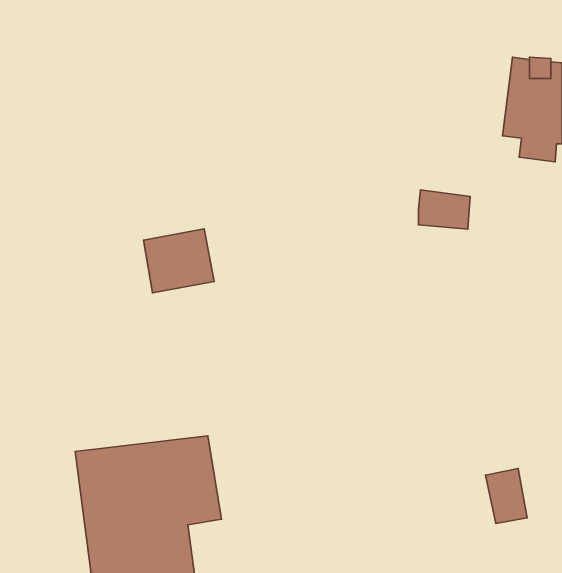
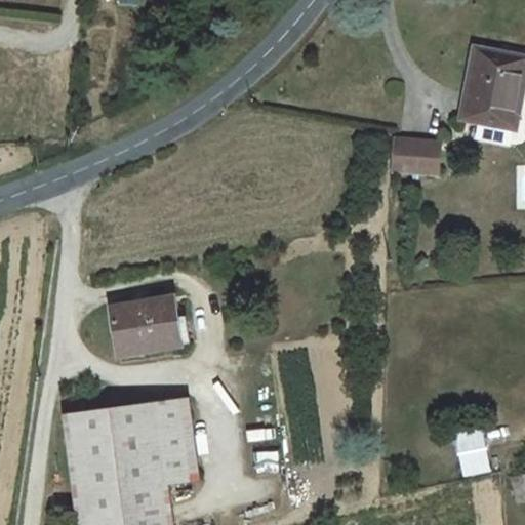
building: [418,190,470,229] -> [386,130,433,166]
building: [143,229,214,293] -> [111,295,175,354]

